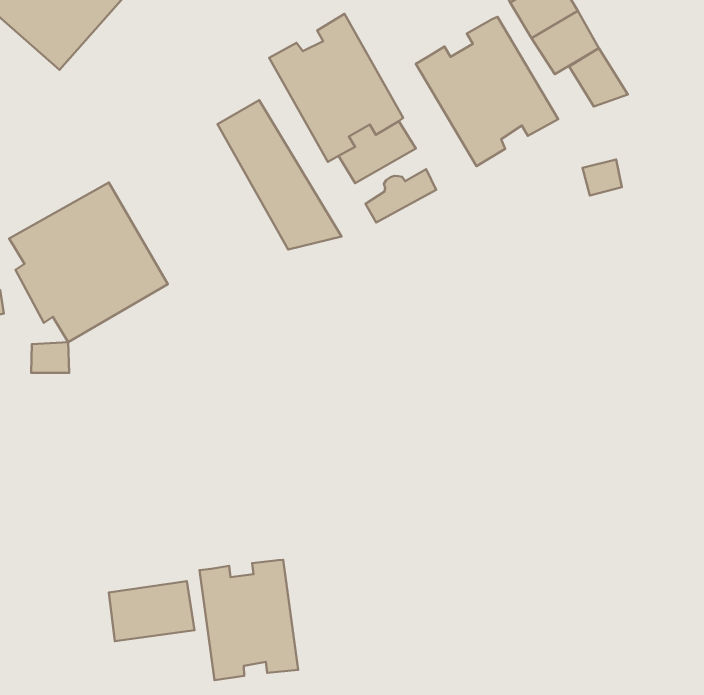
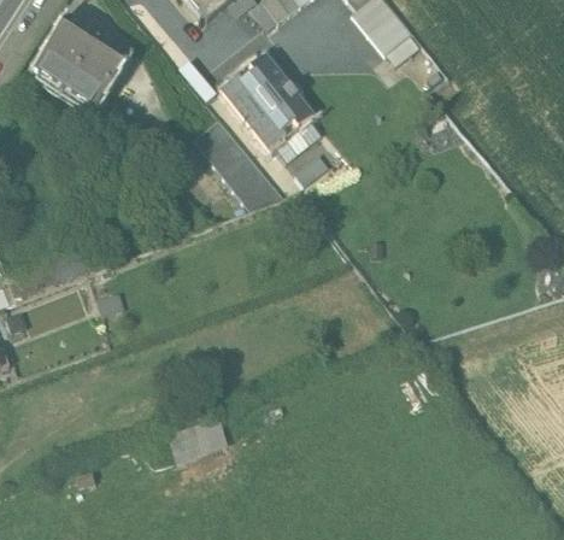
building: [416,17,558,166] -> none
building: [9,183,168,342] -> none
building: [199,560,298,680] -> none

